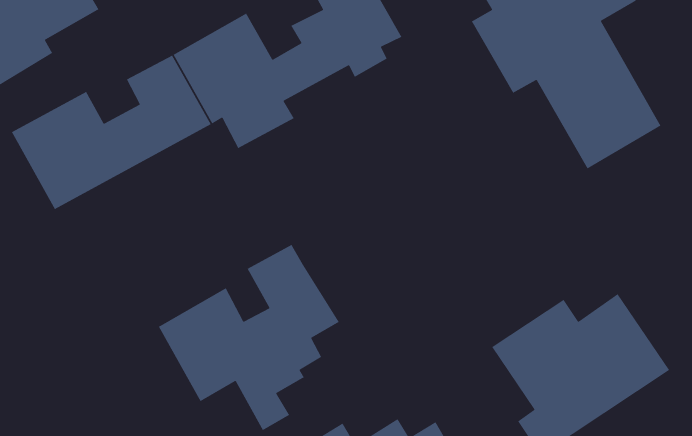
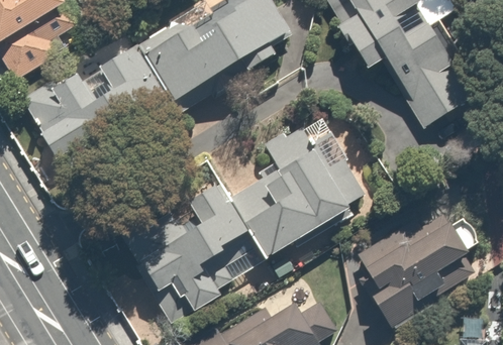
building: none -> [225,111,363,260]

